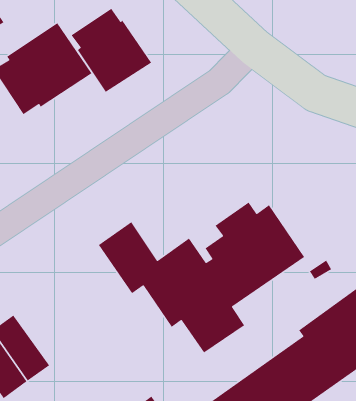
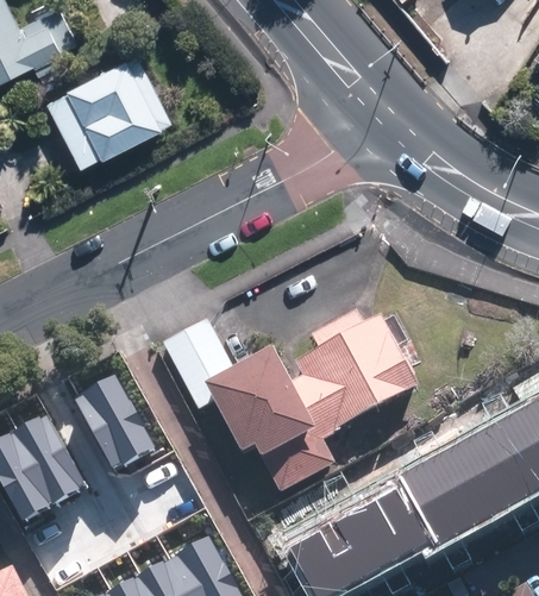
building: [70,8,152,93] -> none
building: none -> [74,376,155,470]

